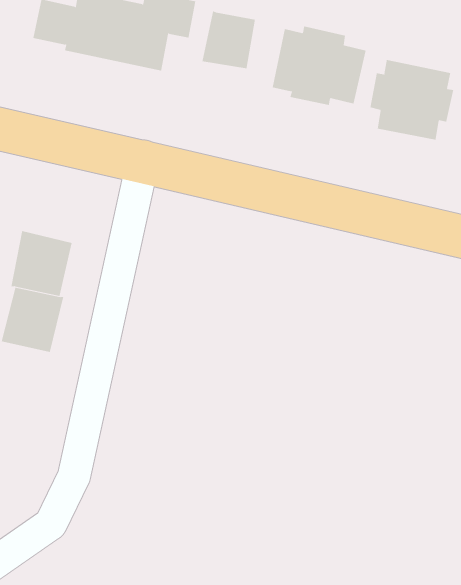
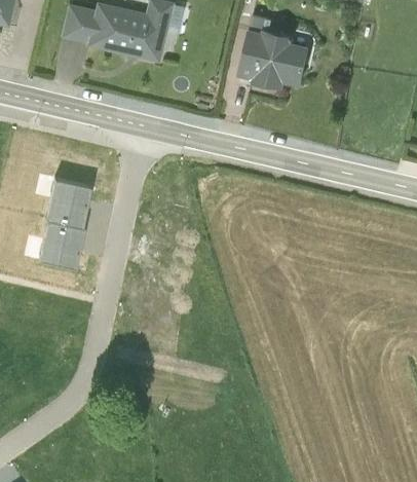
building: [202,10,256,69] -> none
building: [370,59,454,141] -> none

